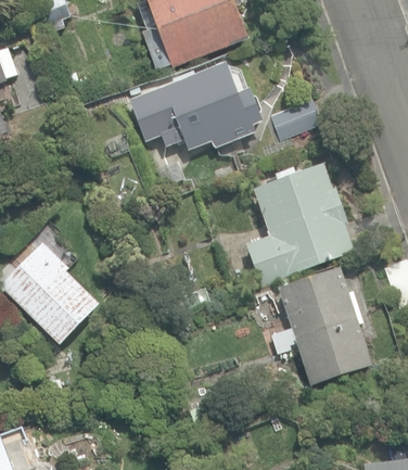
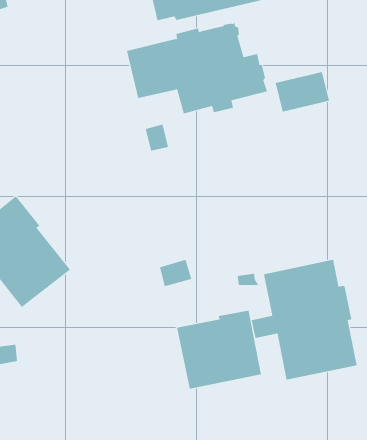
building: [245,165,354,285] -> none
building: none -> [177,310,262,390]

